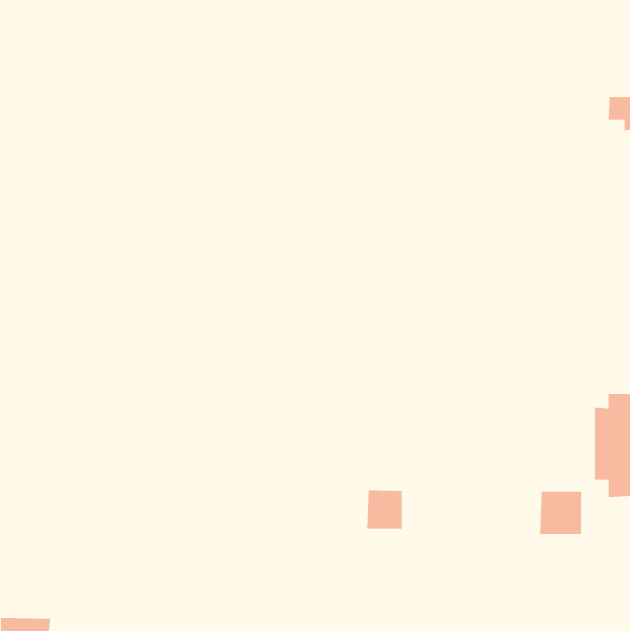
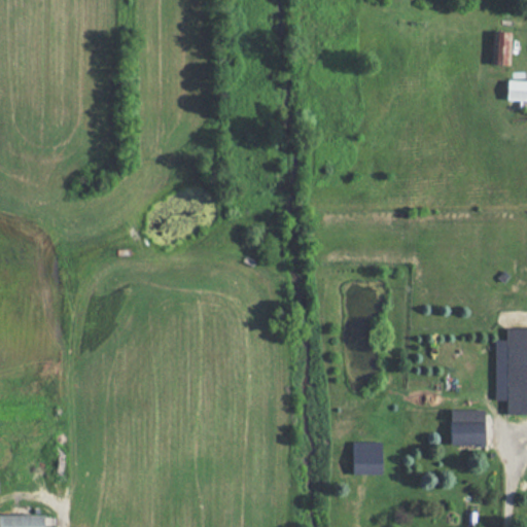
building: none -> [495,32,513,65]
building: [366,490,402,529] -> [353,442,383,475]

